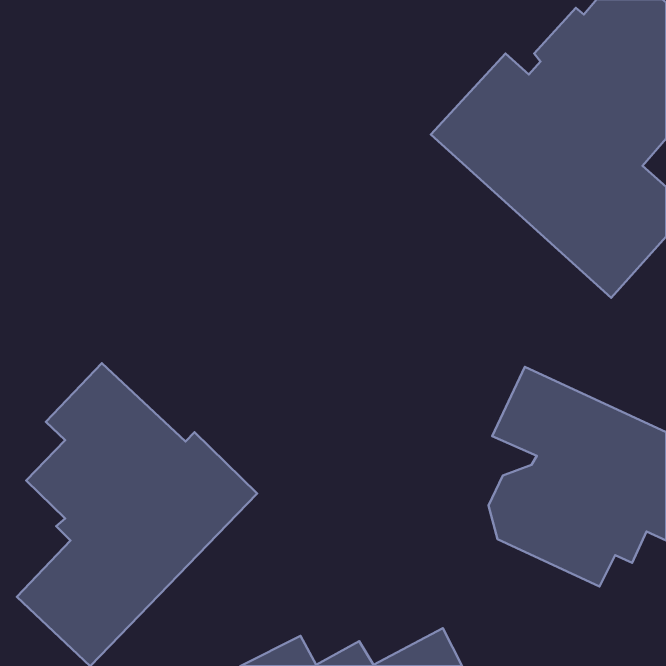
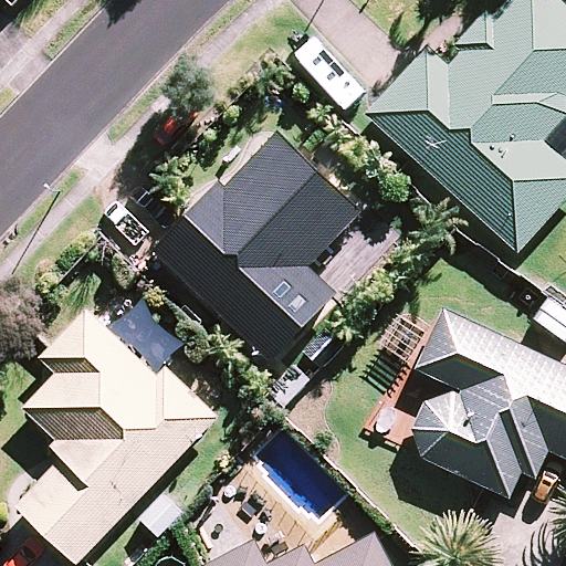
building: none -> [155,128,359,360]

